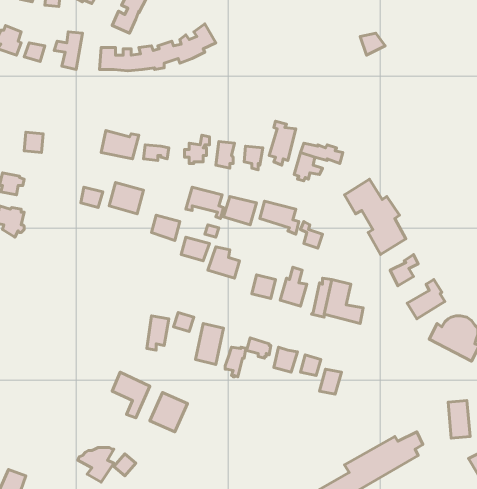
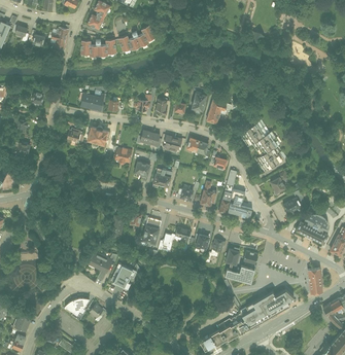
building: none -> [223,250,258,284]

